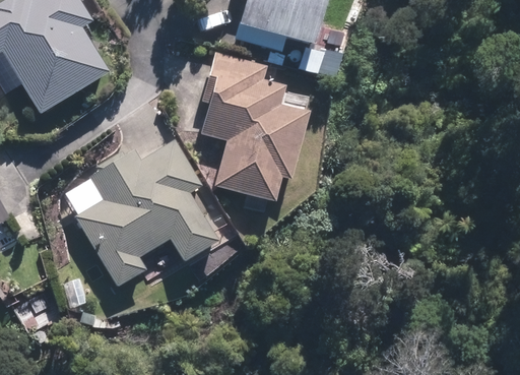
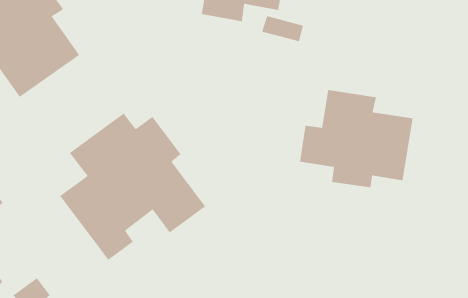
building: [197,55,311,203] -> none
building: none -> [299,89,414,188]

